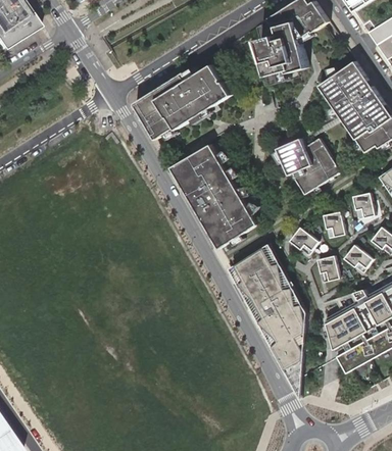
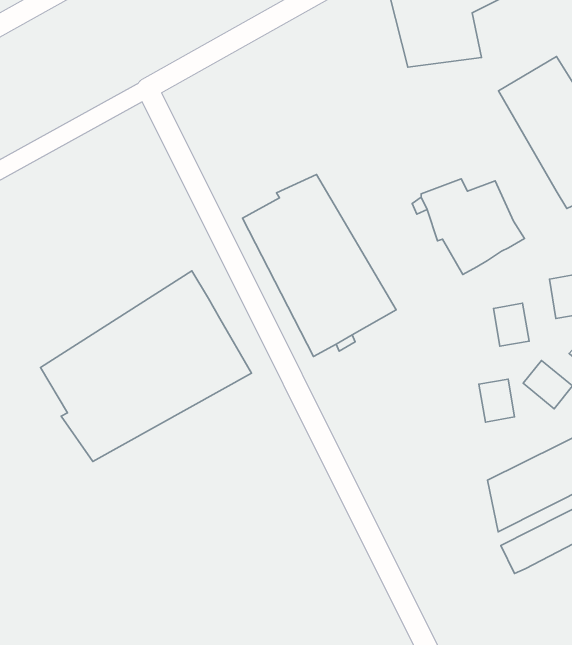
building: [133,53,233,141] -> none
building: none -> [41,271,251,461]
building: [290,226,320,254] -> none
building: [231,243,306,396] -> none

